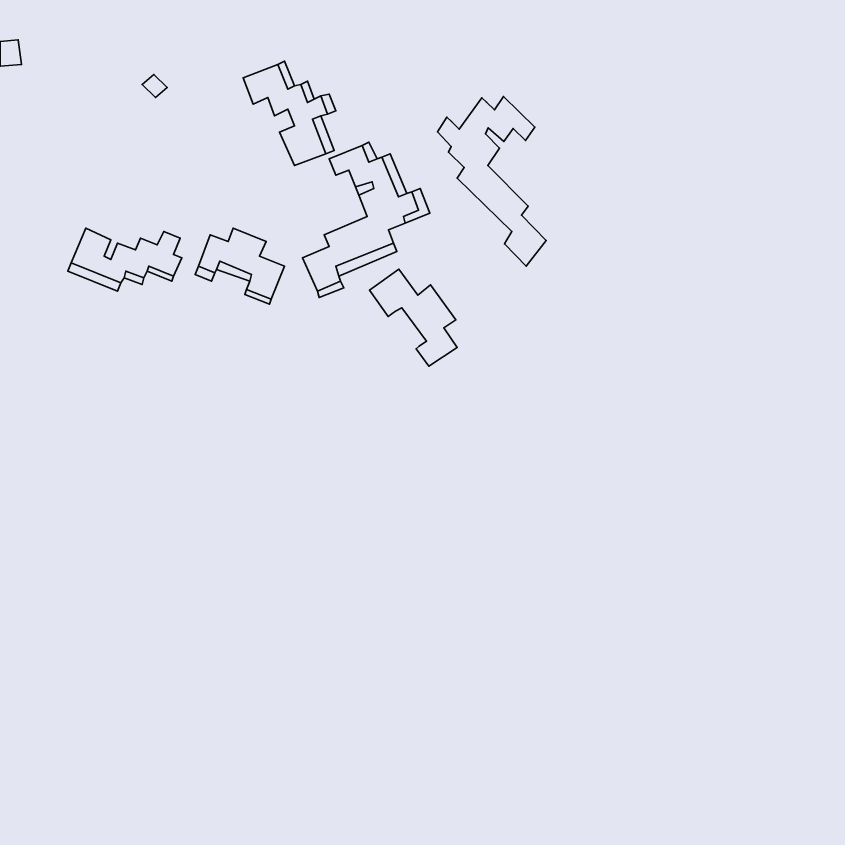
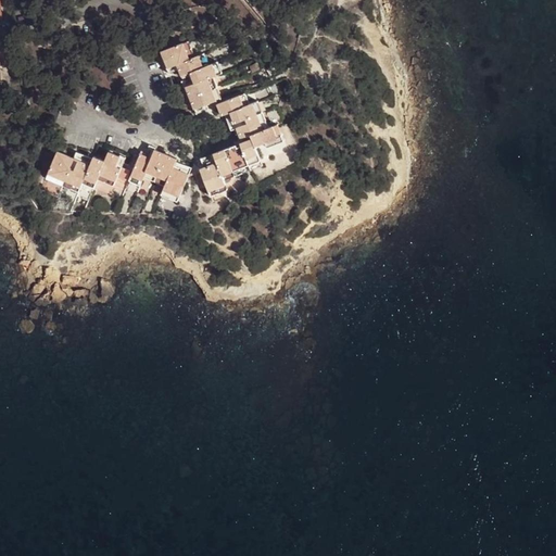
building: [437,97,546,266] -> none
building: [369,269,457,366] -> none

